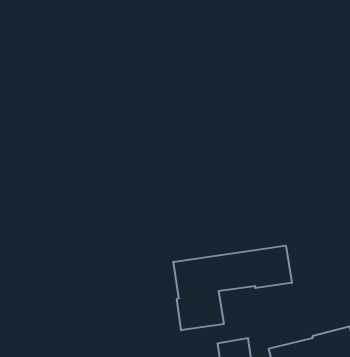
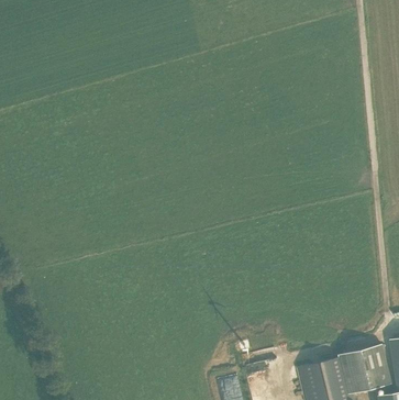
building: [173,246,292,330] -> none

